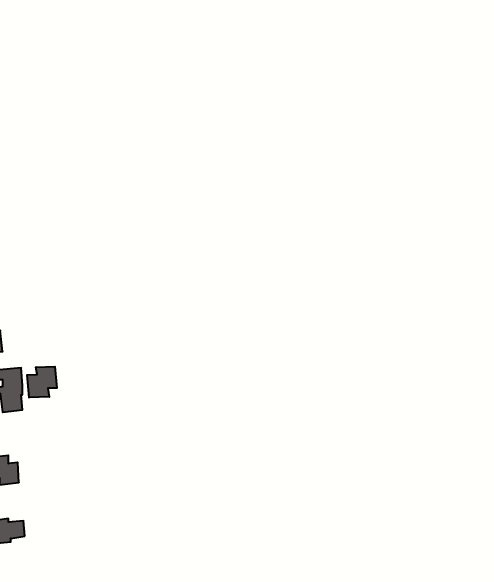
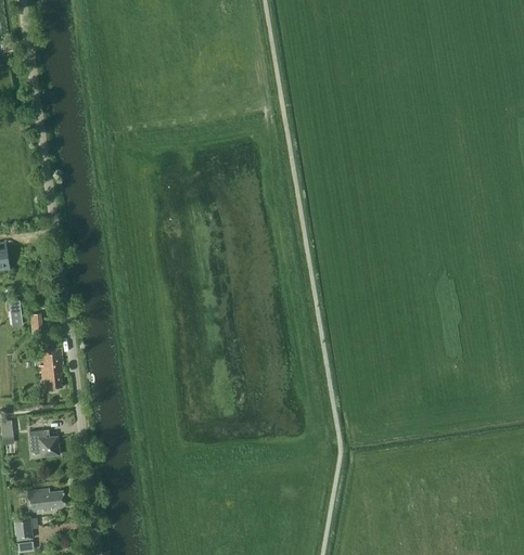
building: [27,367,57,398] -> none

